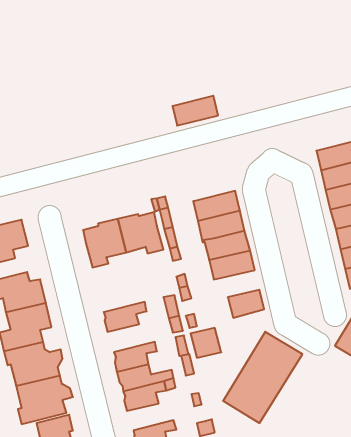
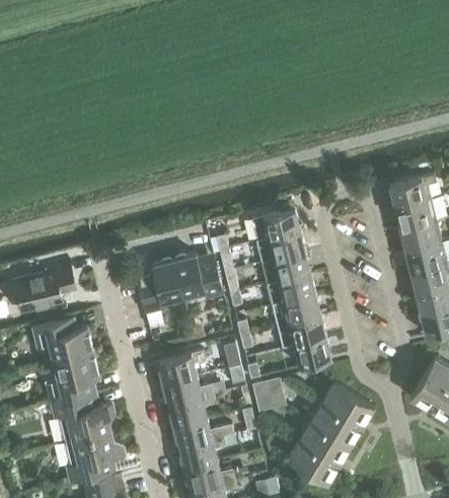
building: [172,96,218,126] -> [251,208,301,240]
building: none -> [278,315,327,347]
building: none -> [162,374,223,405]
building: none -> [183,460,234,490]

